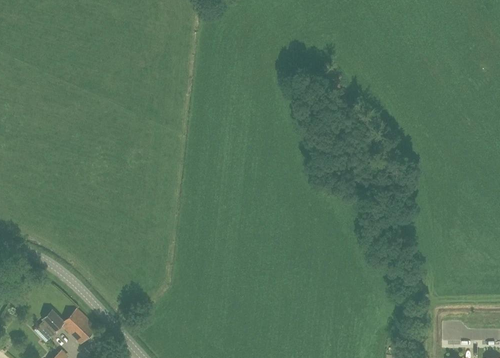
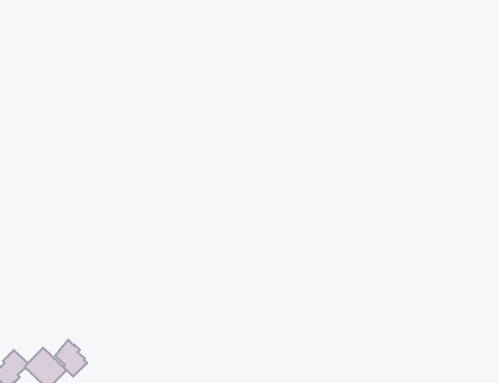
building: none -> [55,340,87,376]

